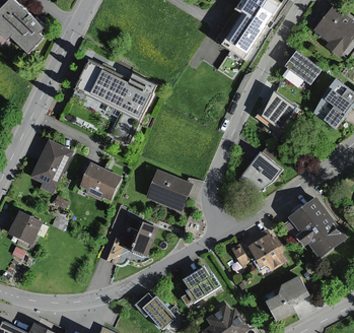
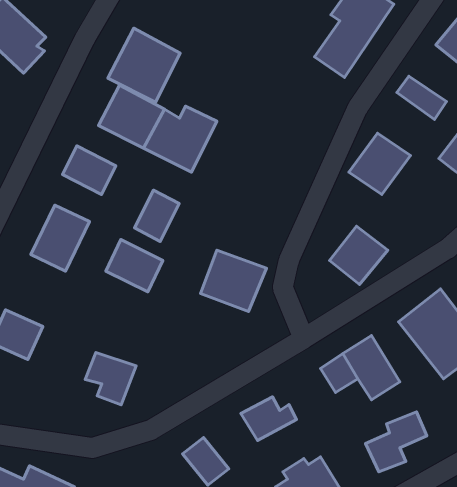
building: none -> [108,28,180,102]
building: none -> [63,146,116,195]
building: none -> [135,190,179,241]
building: [125,217,159,253] -> [85,352,136,405]

